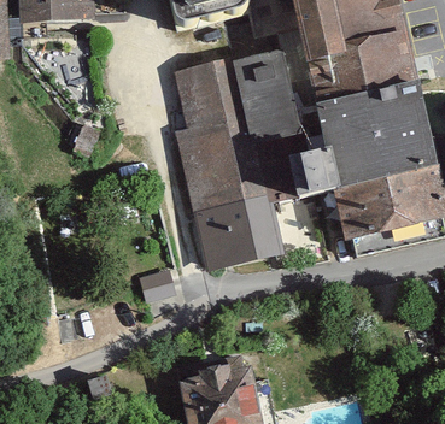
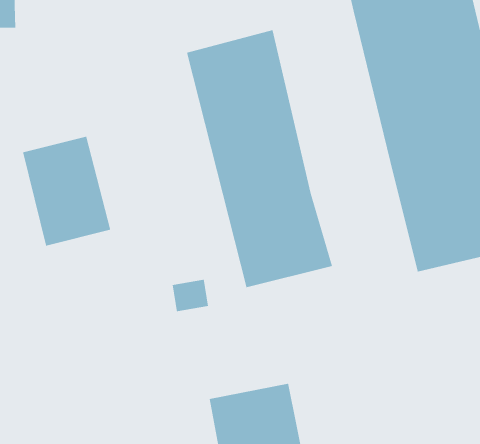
building: [233,41,334,195] -> none
building: none -> [23,136,111,247]

